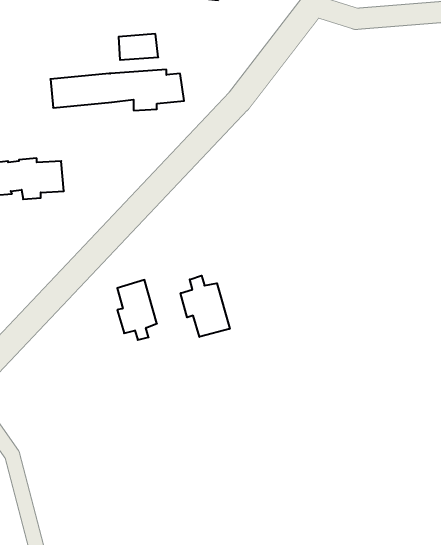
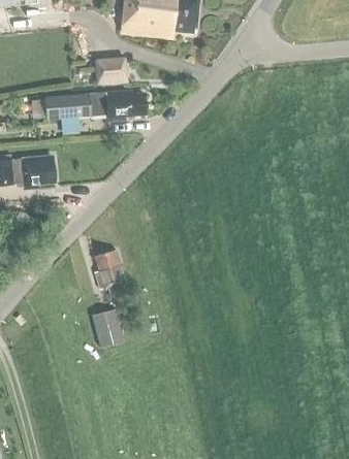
building: [181,276,230,337] -> none
building: none -> [92,308,123,347]

